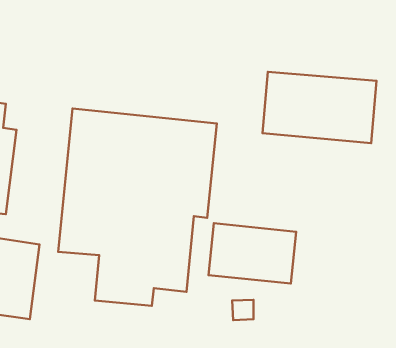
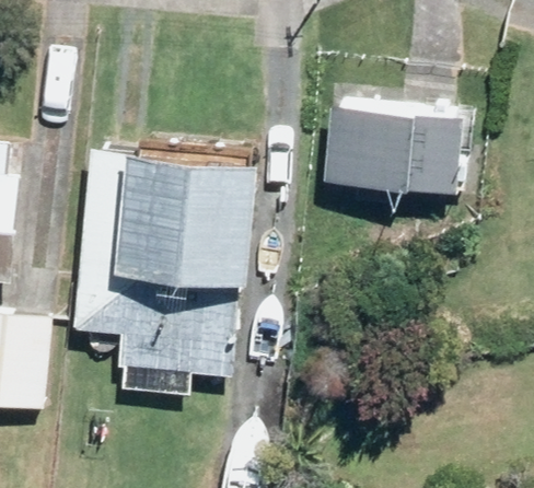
building: [208,223,296,283] -> none

